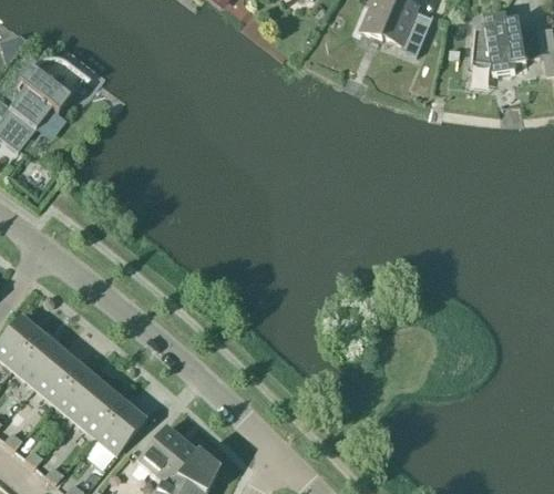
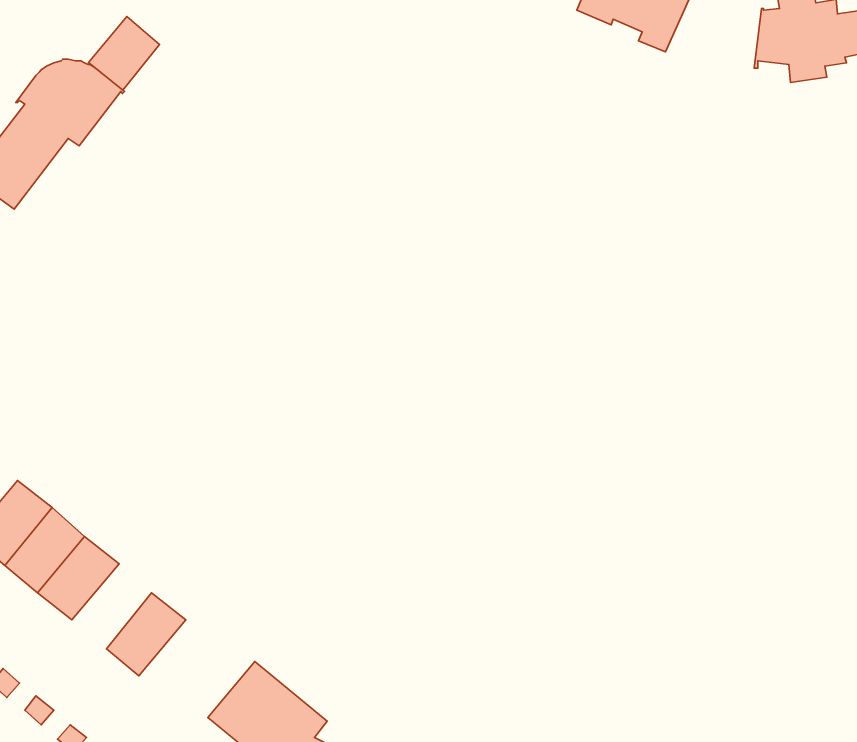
building: none -> [89,17,160,90]
building: [53,367,102,419] -> none
building: [94,401,144,453] -> none

